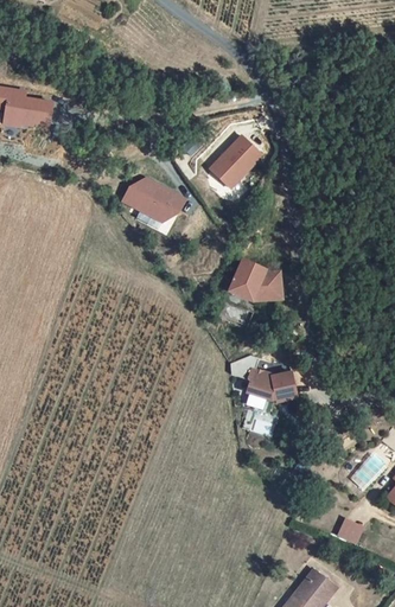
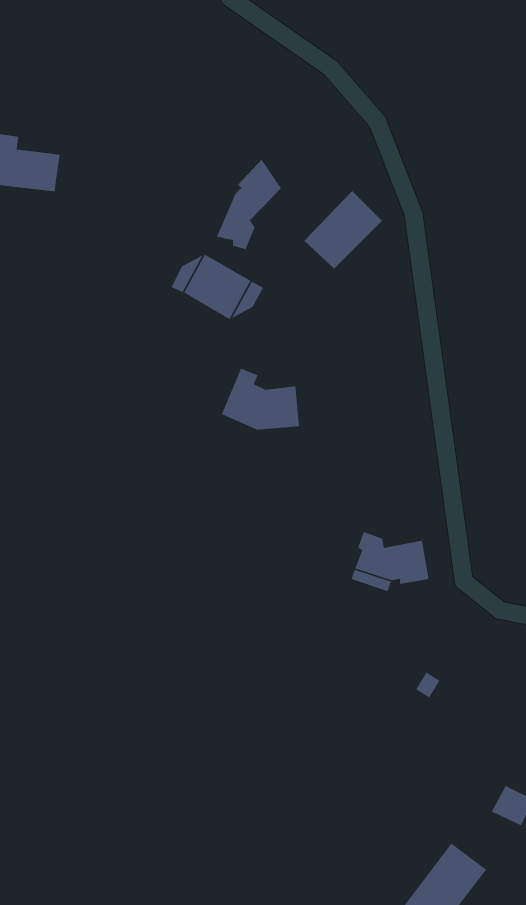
building: none -> [216,159,282,250]
building: [229,257,281,299] -> [221,368,300,431]

